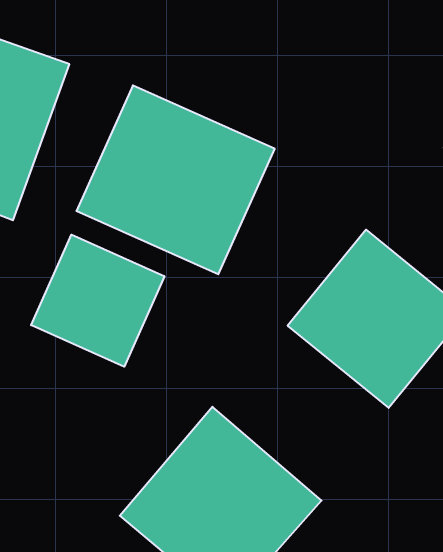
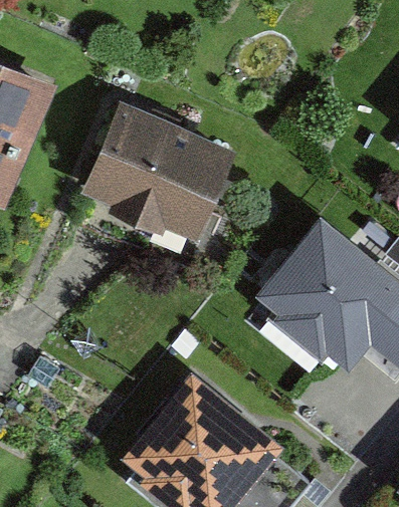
building: [31,235,164,367] -> none

